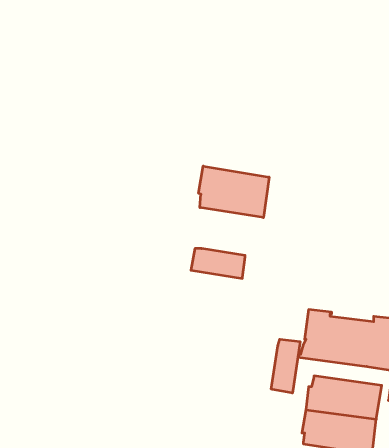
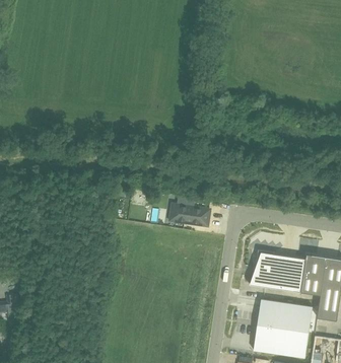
building: [199,166,269,218] -> none
building: [271,339,300,393] -> none

